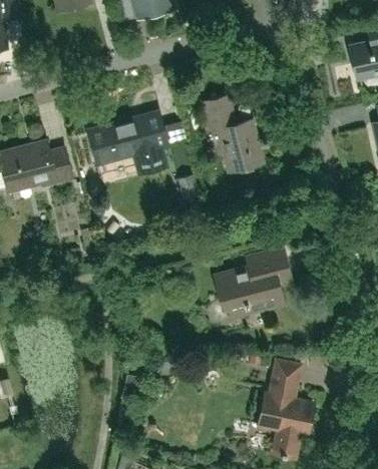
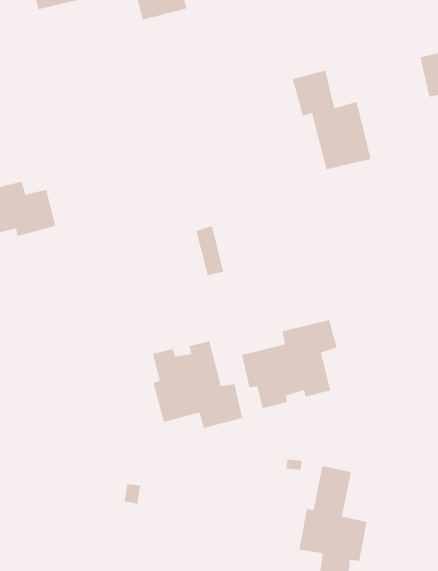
building: [203,95,264,172] -> [292,70,371,170]
building: [89,113,167,172] -> none
building: none -> [152,340,243,429]

